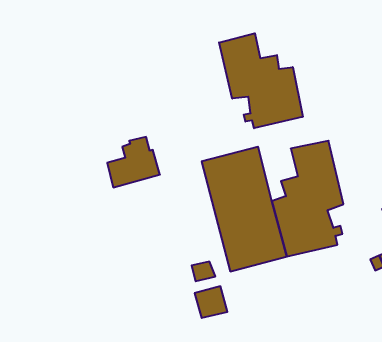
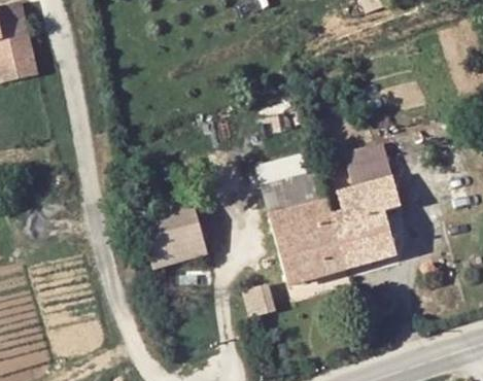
building: [219,33,303,128] -> none
building: [107,137,160,187] -> [140,212,195,265]

